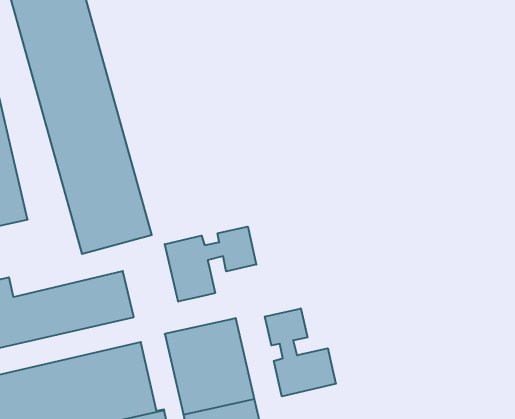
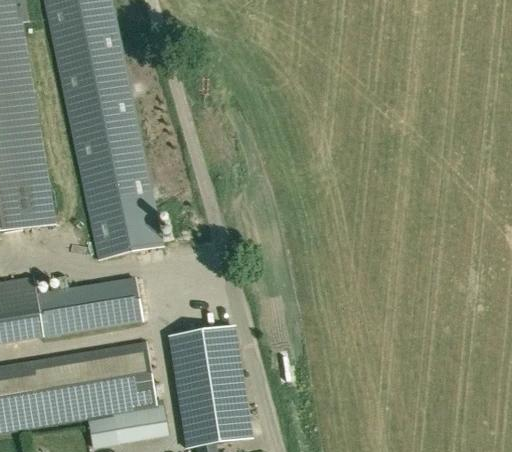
building: [165,227,256,302] -> none
building: [265,308,336,396] -> none

